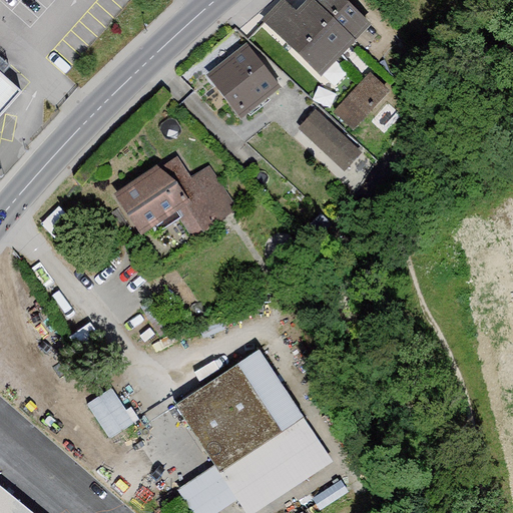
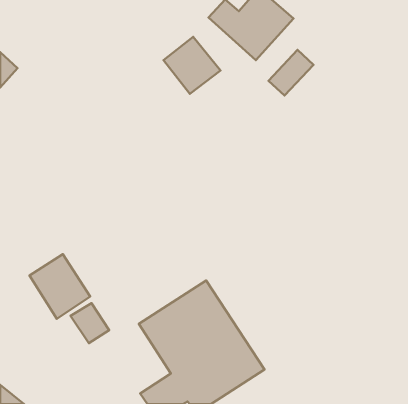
building: [300,111,359,168] -> none
building: [114,152,233,234] -> none
building: none -> [30,254,90,319]

